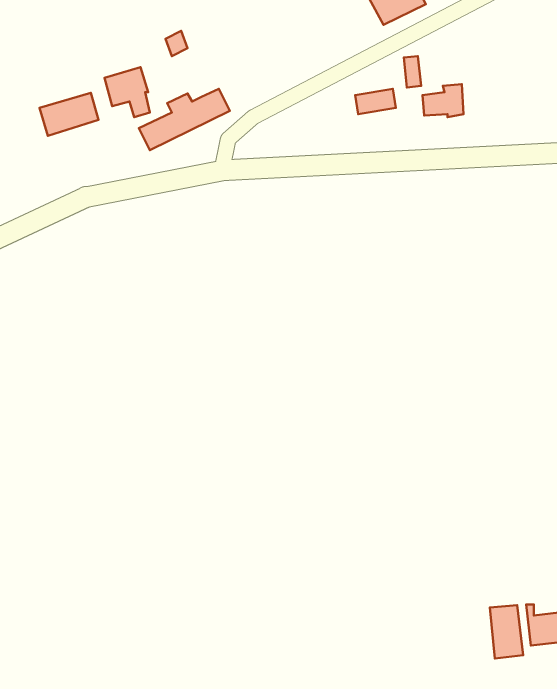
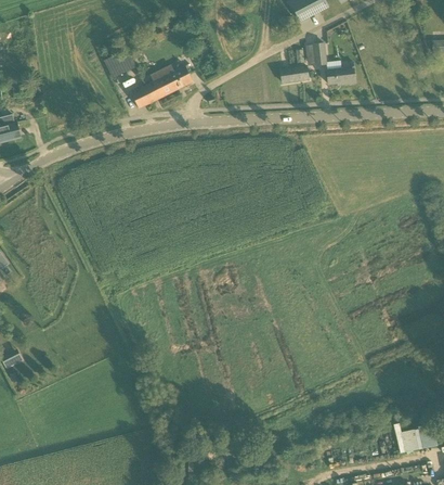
building: [39,93,98,136] -> none
building: [490,605,523,658] -> none

